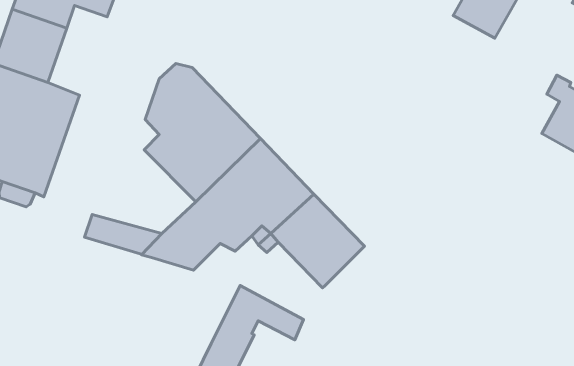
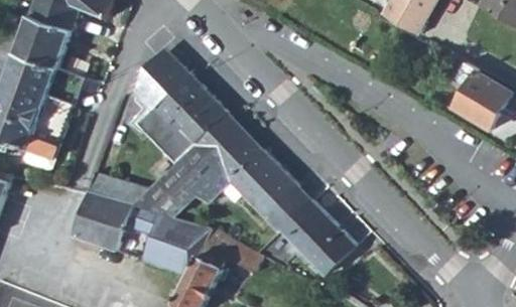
building: none -> [73,190,132,251]
building: none -> [279,197,354,275]
building: none -> [134,206,212,275]

